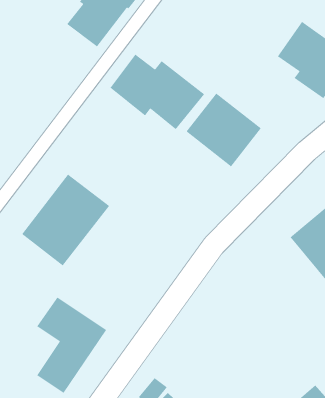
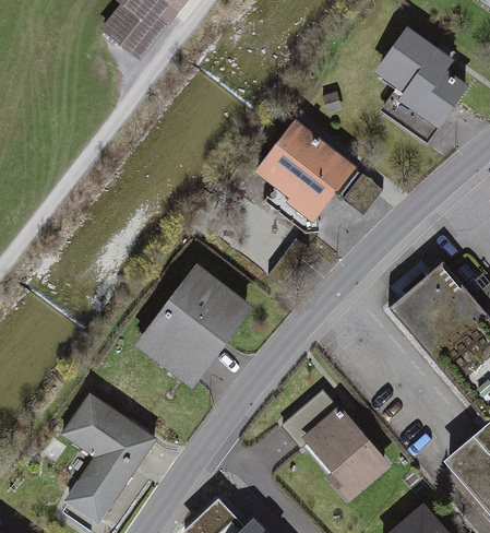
building: [110,54,205,130] -> none
building: [21,173,110,267] -> [133,261,250,383]
building: none -> [285,395,394,507]

